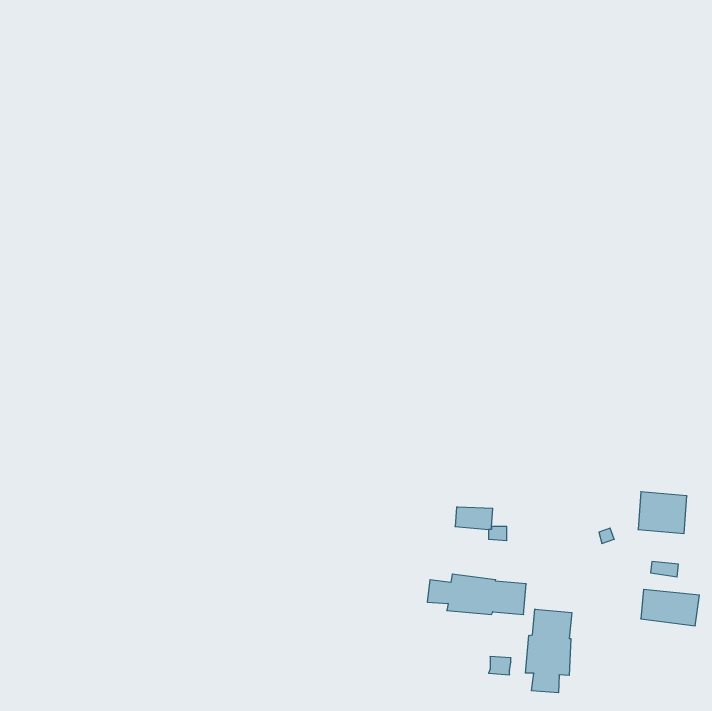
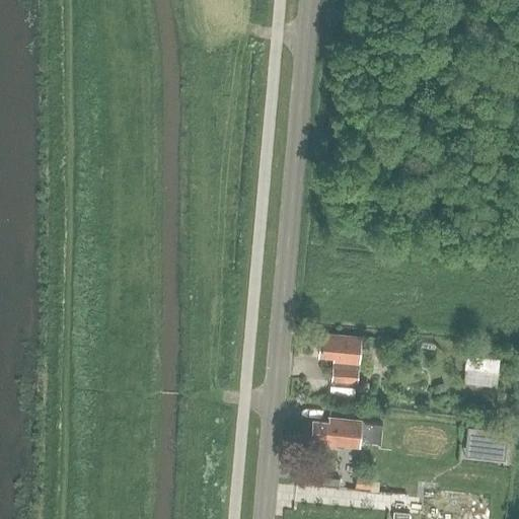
building: none -> [317,336,361,366]
building: [525,609,572,693] -> none

